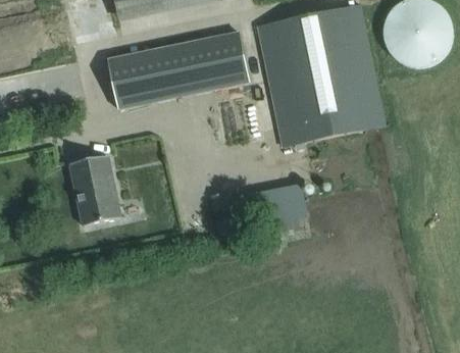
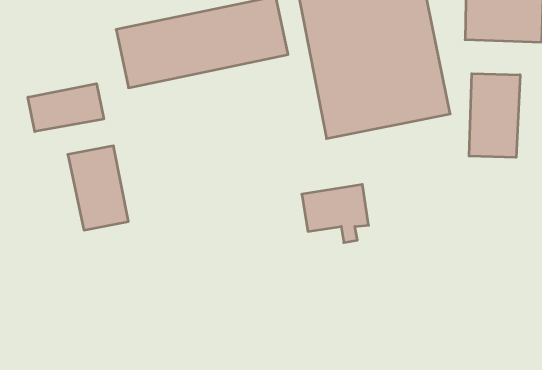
building: none -> [469,74,520,157]
building: none -> [28,84,104,132]

